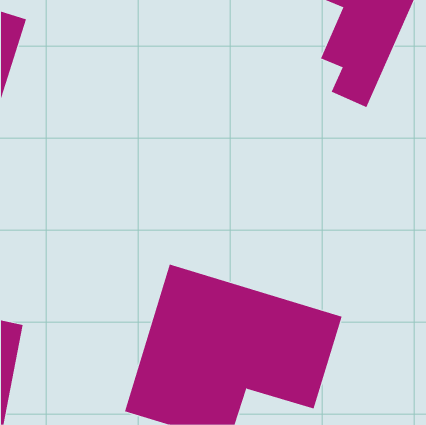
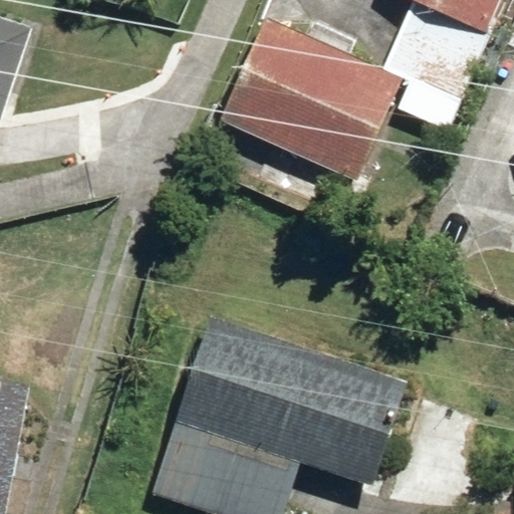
building: none -> [218,21,397,179]

